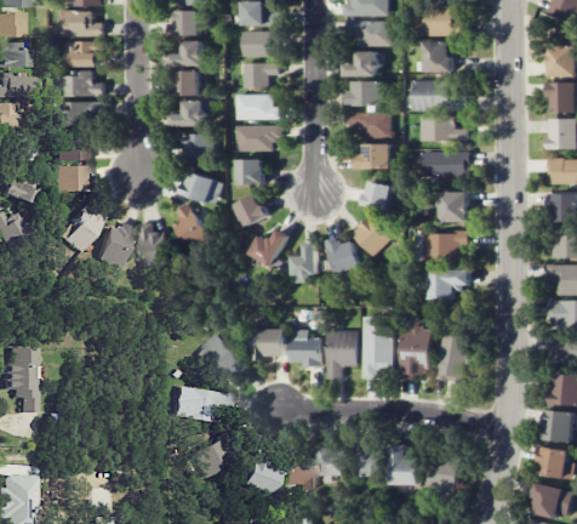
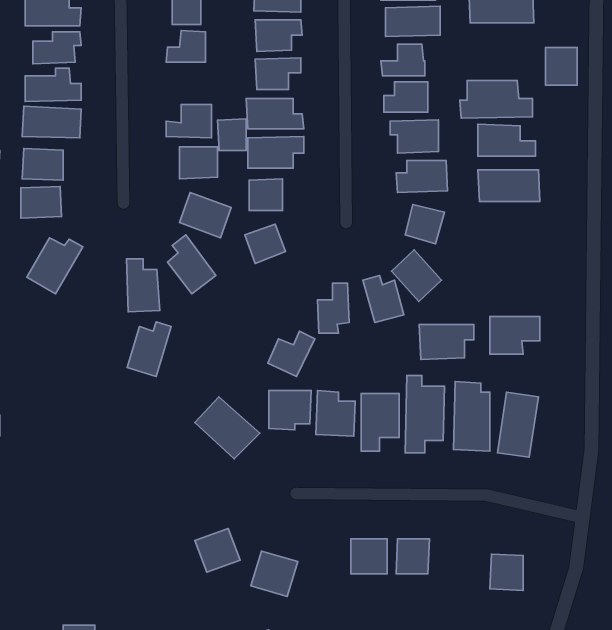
building: [424,41,450,72] -> [546,47,577,85]
building: [176,70,199,96] -> [218,119,246,151]
building: [441,192,468,222] -> none
building: [97,222,132,266] -> [127,322,171,376]
building: [250,229,287,266] -> [268,331,315,377]
building: [425,233,469,261] -> [419,325,474,359]
building: [172,387,227,421] -> none
building: [390,444,419,485] -> none
building: [284,461,314,490] -> none

